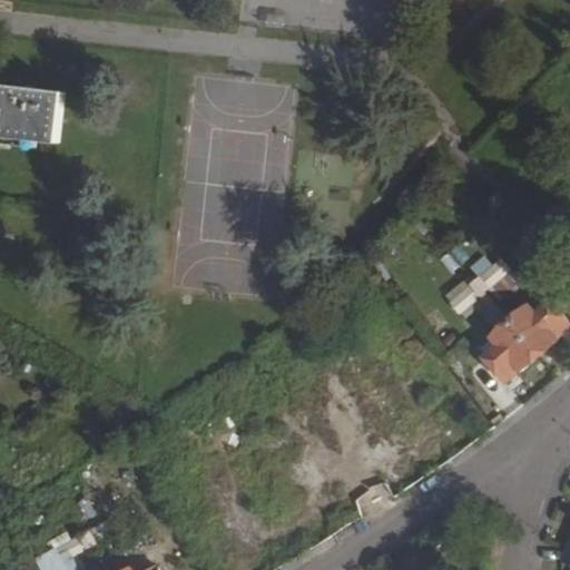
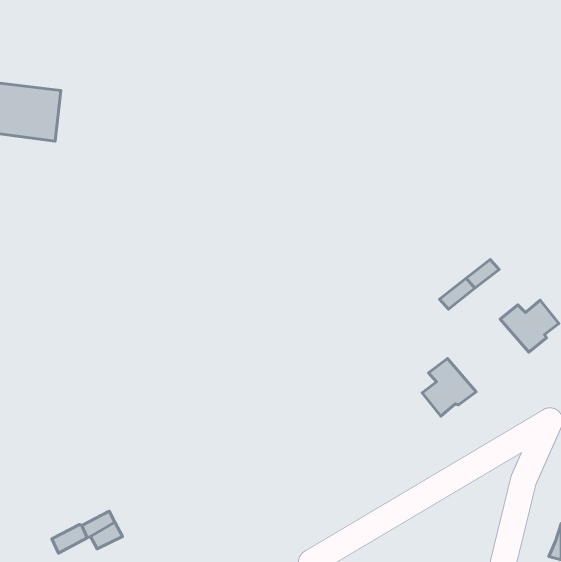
building: [479,322,533,380] -> [422,359,476,416]

